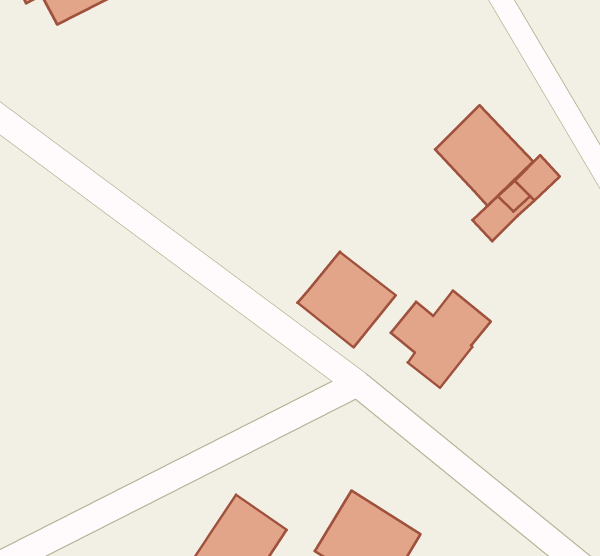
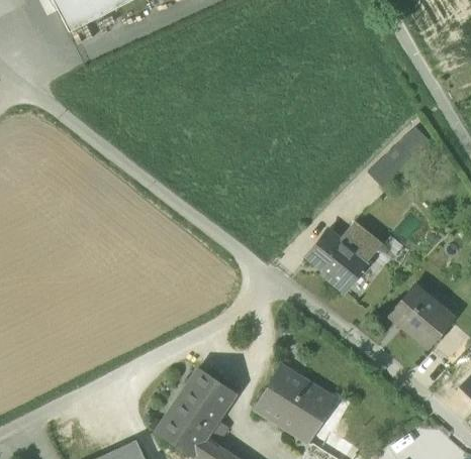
building: [435,105,533,206] -> none
building: [297,252,396,347] -> none
building: none -> [389,286,453,348]

